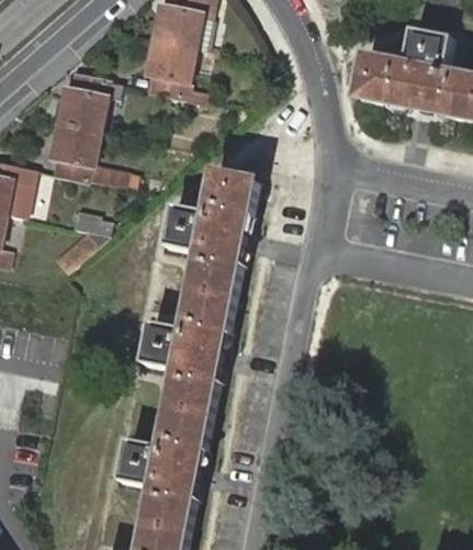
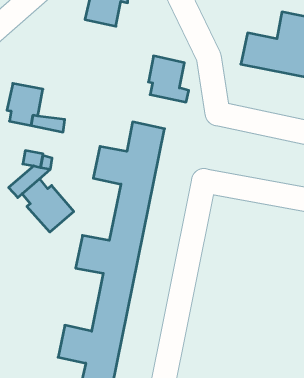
building: [143,37,195,98] -> [148,56,189,102]
building: [55,74,113,128] -> none
building: none -> [22,179,74,232]

